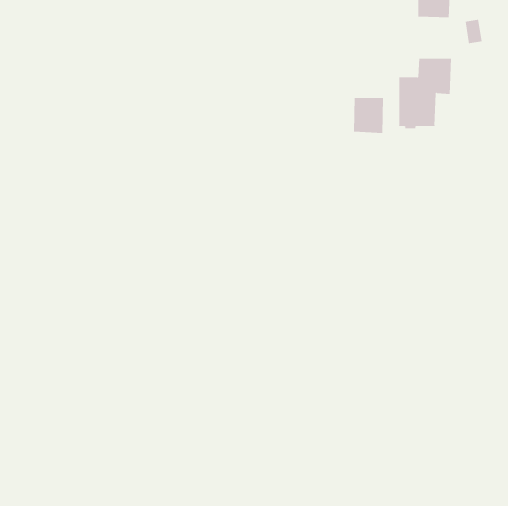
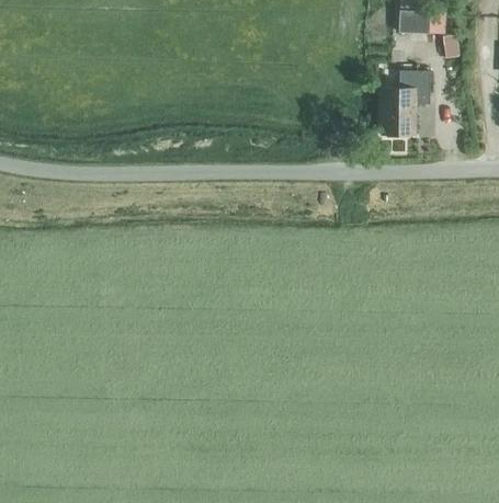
building: [353,97,384,134] -> none

